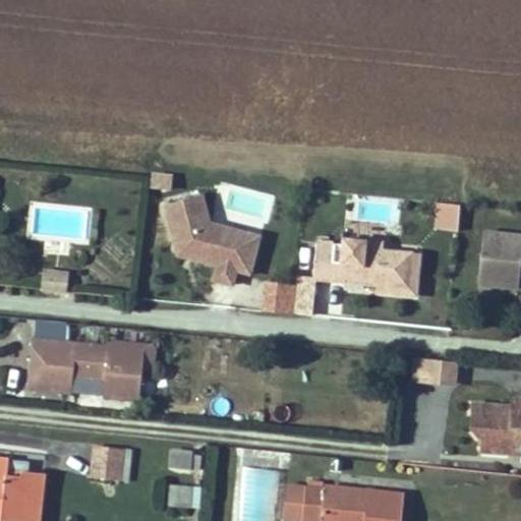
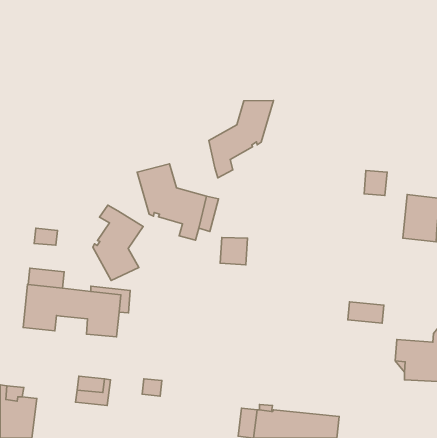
building: none -> [209,100,274,178]
building: [313,239,419,295] -> none
building: none -> [93,205,143,280]
building: [167,484,201,511] -> none

